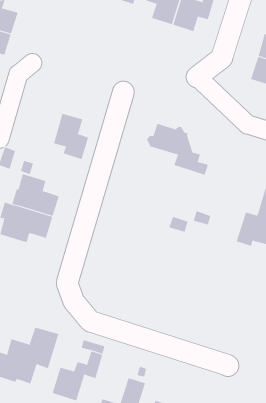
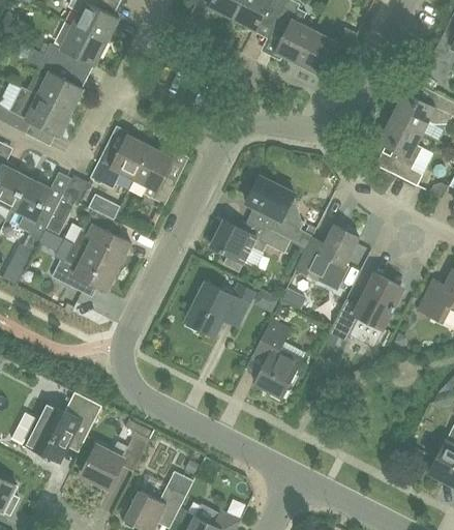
building: none -> [90,134,150,187]
building: none -> [296,225,359,285]
building: none -> [211,220,291,272]
building: none -> [186,283,253,335]
building: none -> [253,322,297,399]

